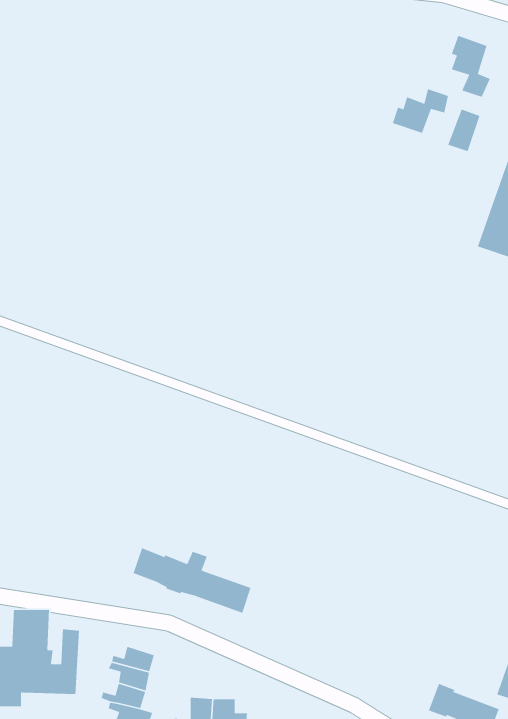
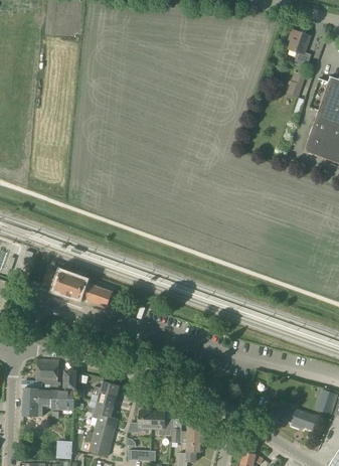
building: [392,88,449,134] -> none
building: [133,547,252,614] -> [43,269,112,307]

